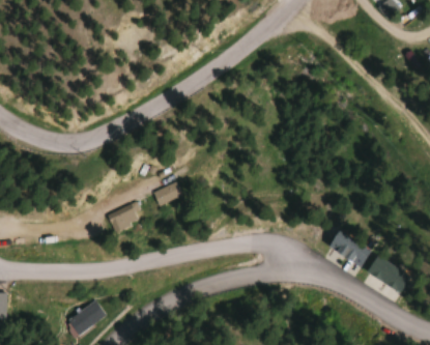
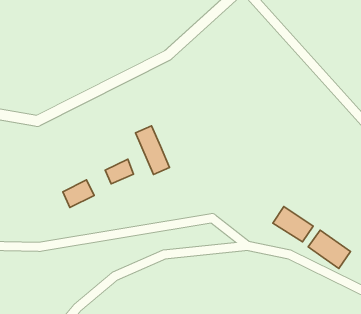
building: none -> [135,126,170,175]
building: [70,298,110,335] -> none

